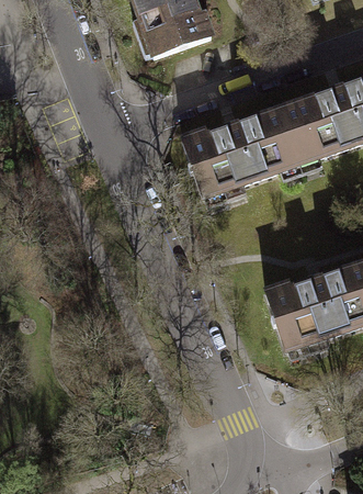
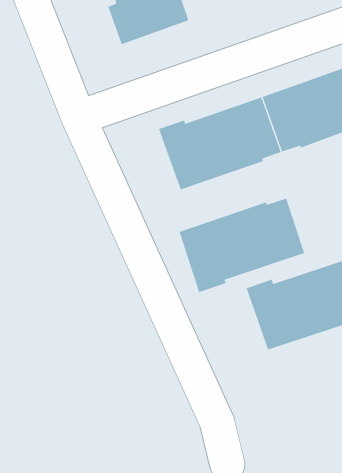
building: none -> [179,198,305,293]

